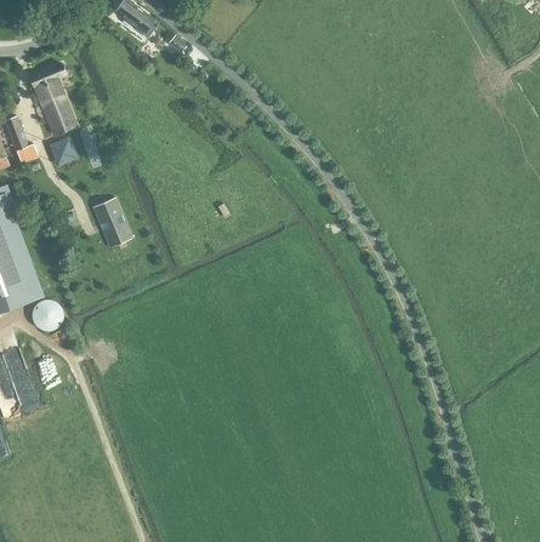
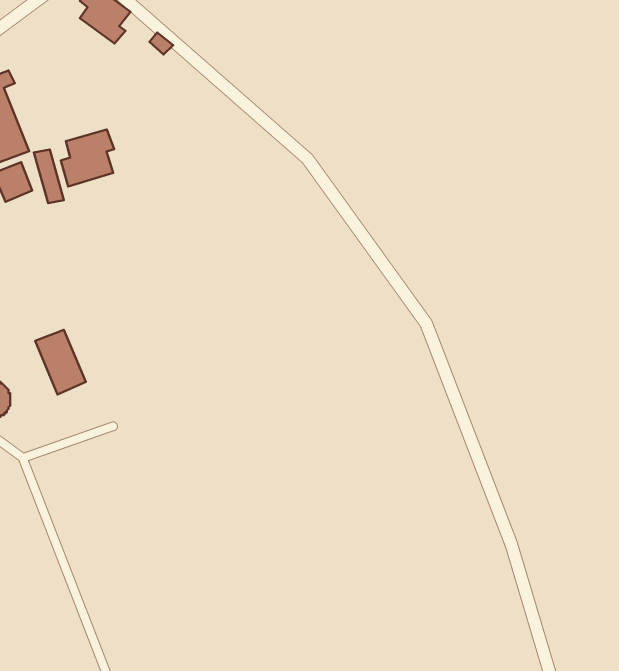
building: none -> [61,130,114,186]
building: [92,198,131,247] -> [35,330,86,395]

